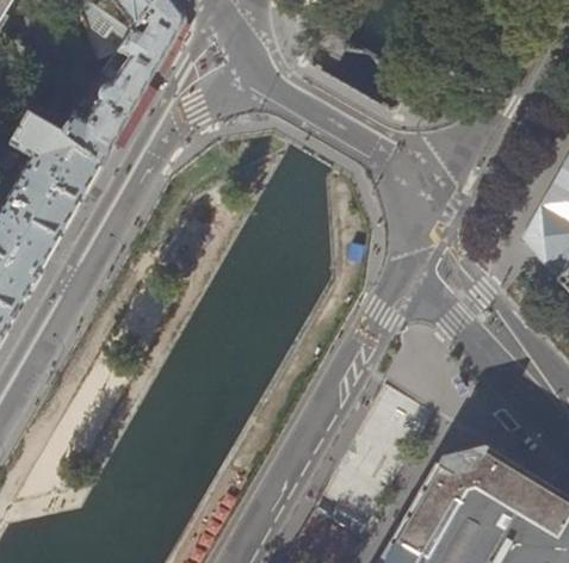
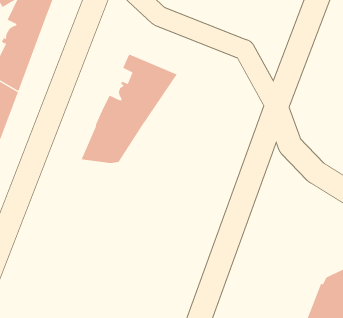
building: none -> [81,54,177,164]

